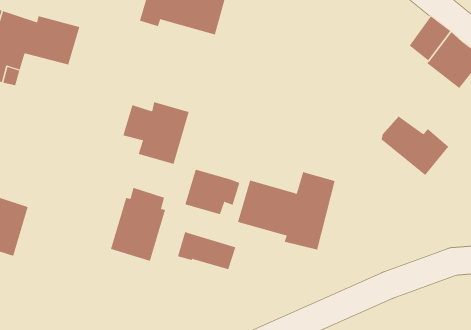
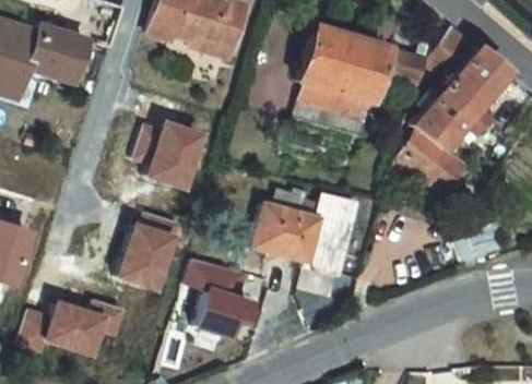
building: none -> [296,29,422,137]
building: none -> [414,77,488,152]
building: [184,169,240,215] -> [194,285,253,333]
building: none -> [15,297,123,353]

